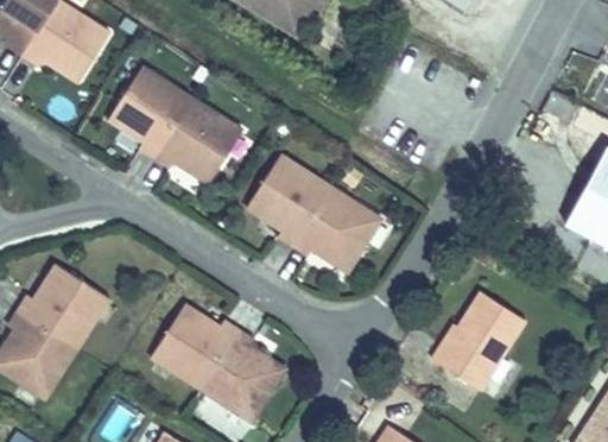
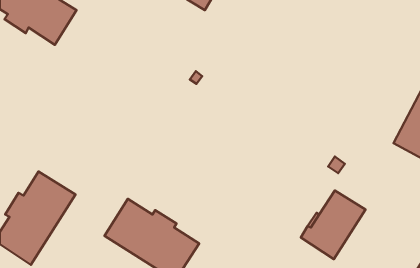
building: [108,65,243,183] -> none
building: [246,153,381,271] -> none

